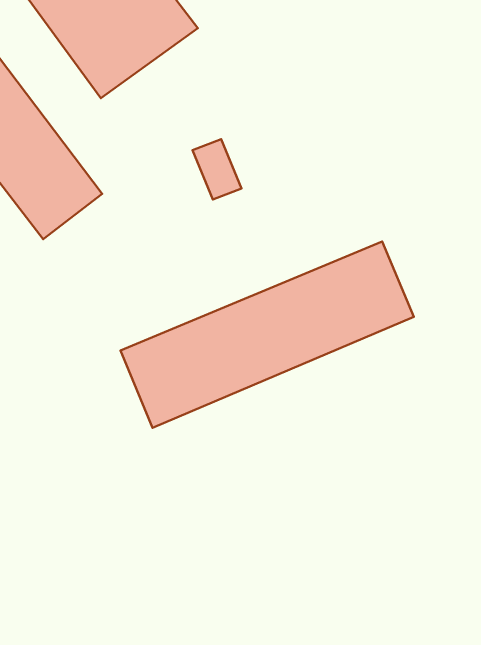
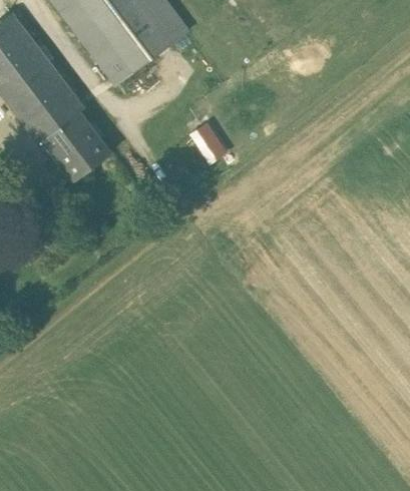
building: [121,241,414,428] -> none

